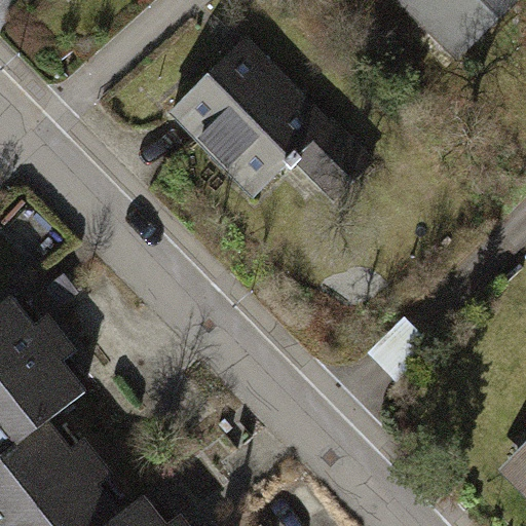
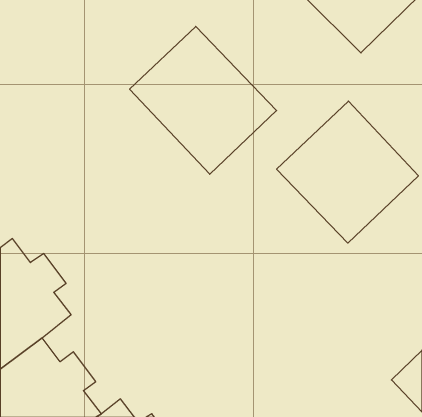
building: none -> [277,101,418,243]

